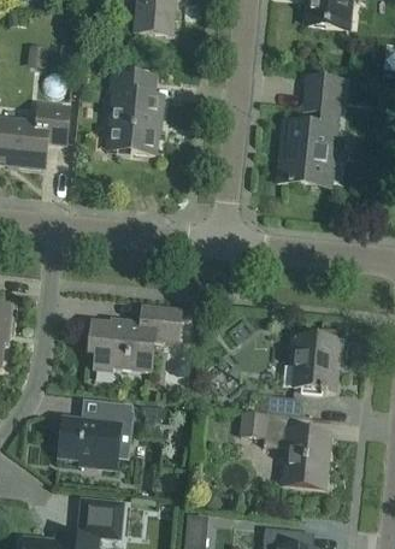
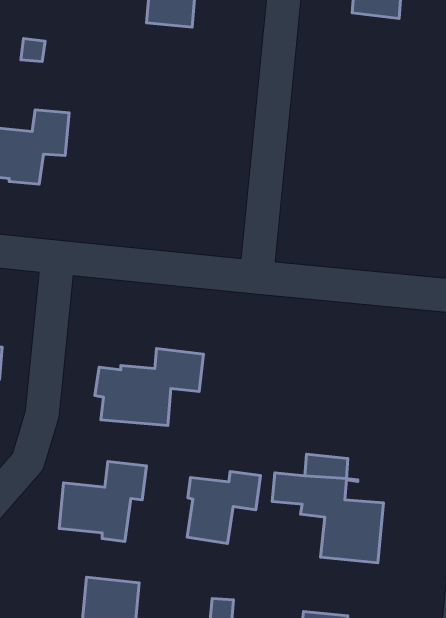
building: [107,70,166,153] -> none
building: [278,75,341,183] -> none
building: [290,333,343,392] -> none
building: none -> [187,472,261,544]

